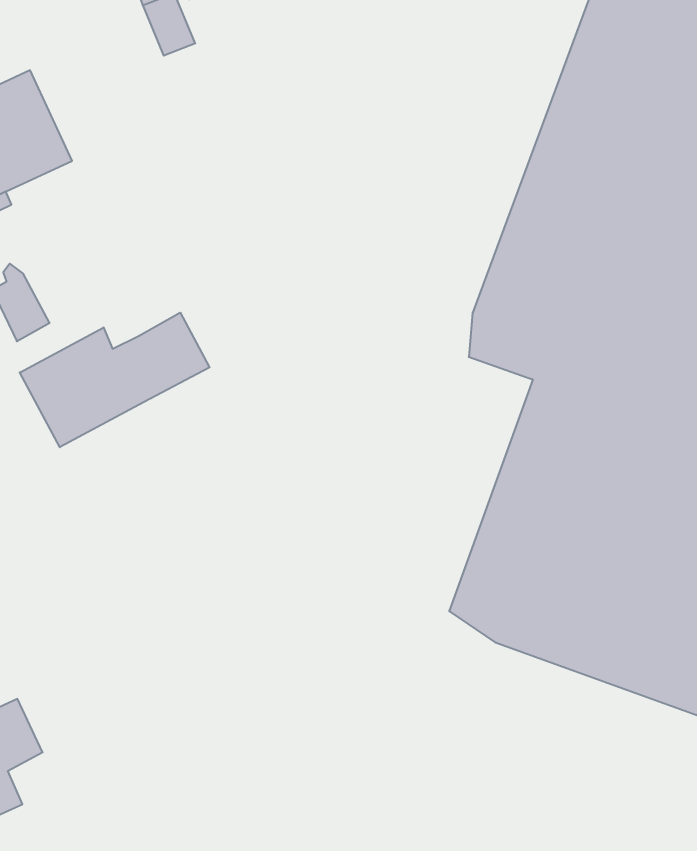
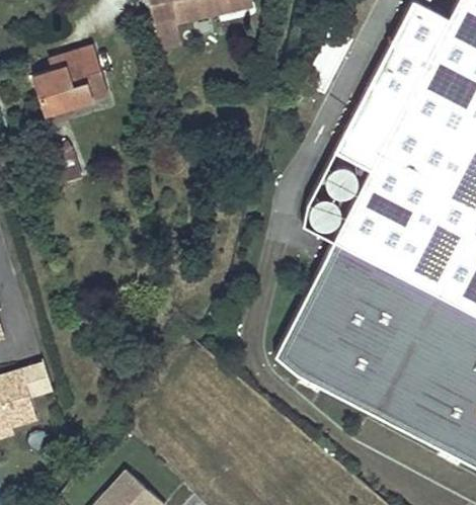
building: [20,313,210,447] -> none

